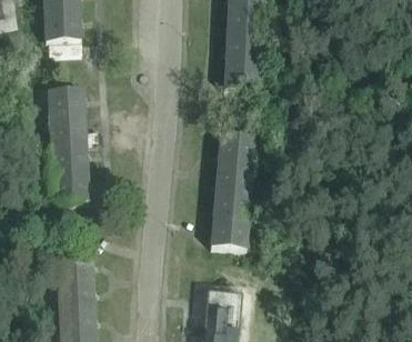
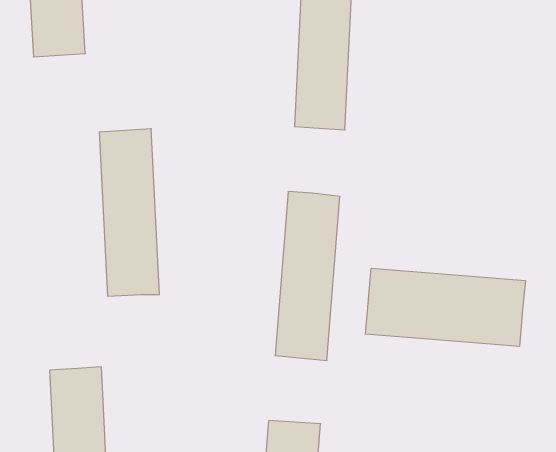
building: [48,87,89,201] -> [99,129,159,296]
building: none -> [365,268,525,346]

